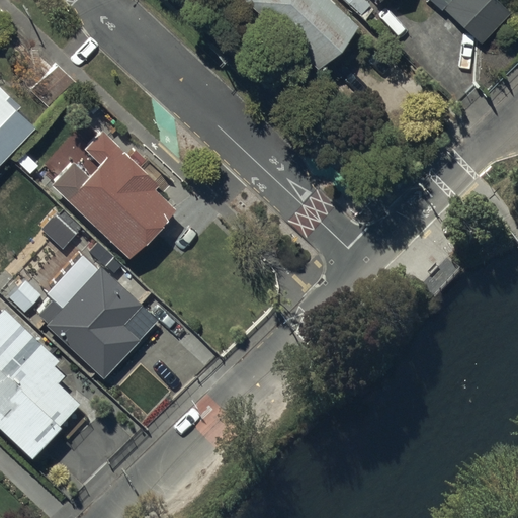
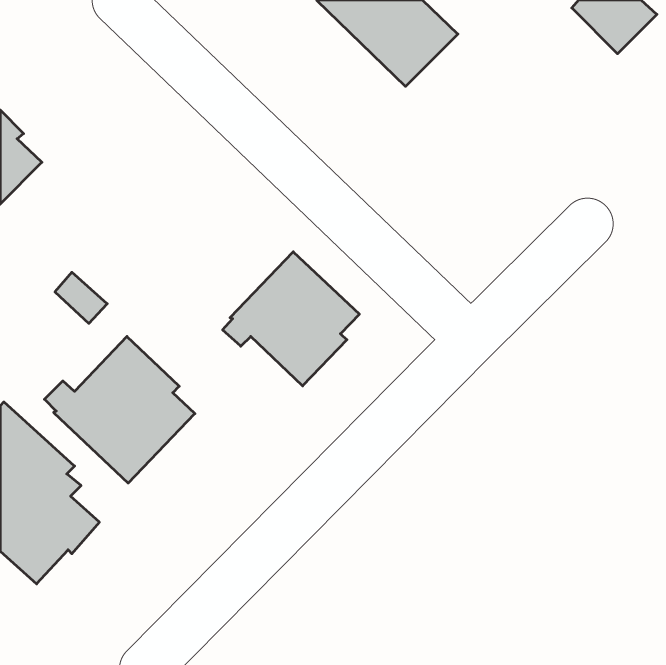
building: [51,130,179,257] -> none
building: none -> [223,252,359,386]

